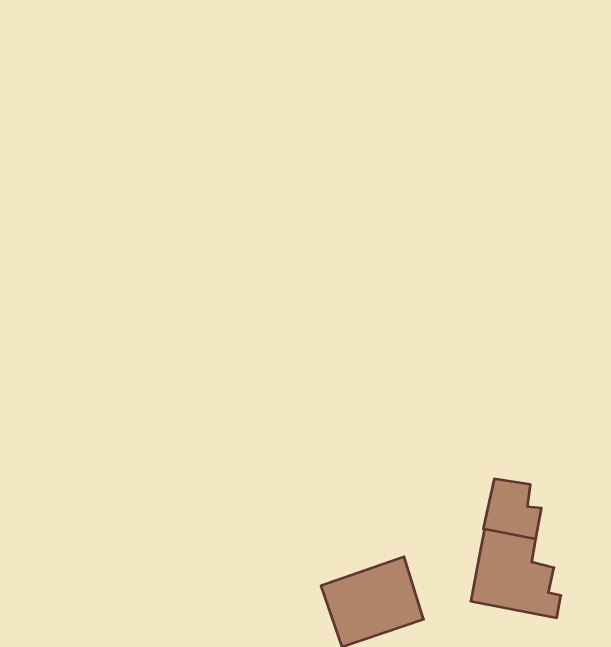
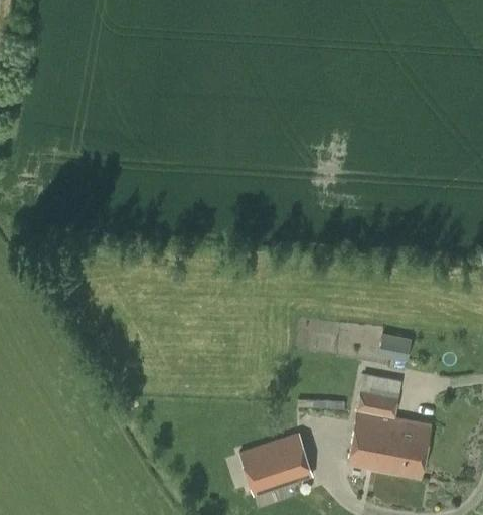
building: none -> [376,333,412,362]
building: none -> [391,418,431,478]

